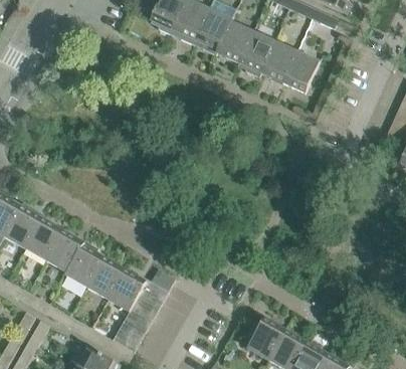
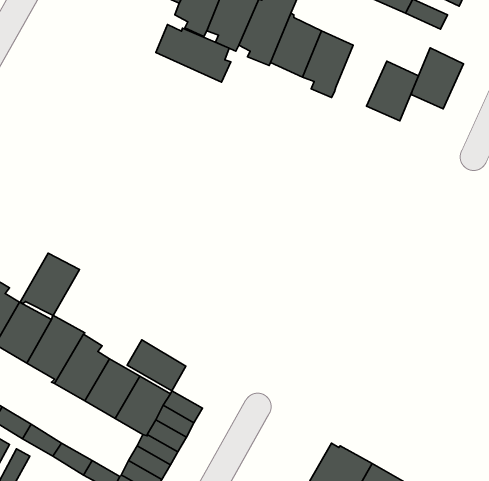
building: none -> [156,25,231,82]
building: [260,41,296,83] -> [411,48,463,109]
building: none -> [20,253,80,315]
building: none -> [127,340,186,391]

